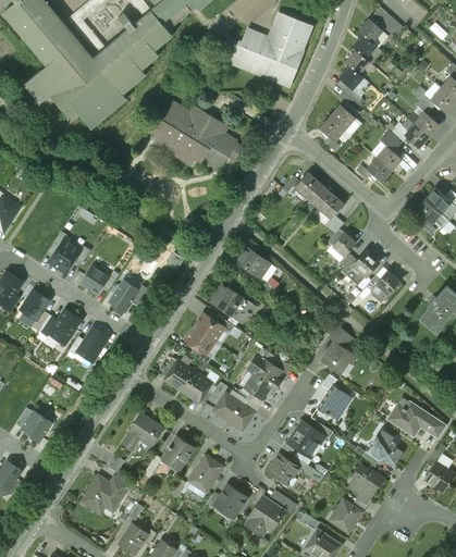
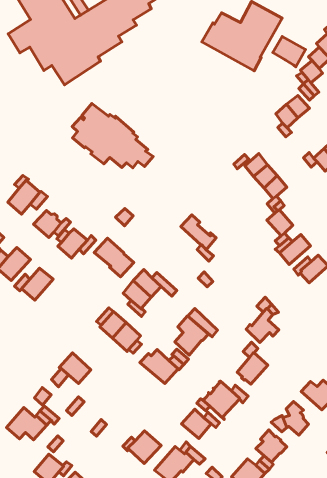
building: none -> [273,37,306,67]
building: [153,101,244,164] -> [72,104,153,168]
building: [210,285,254,324] -> [94,238,134,277]
building: [161,436,194,470] -> none
building: [188,455,223,492] -> none

